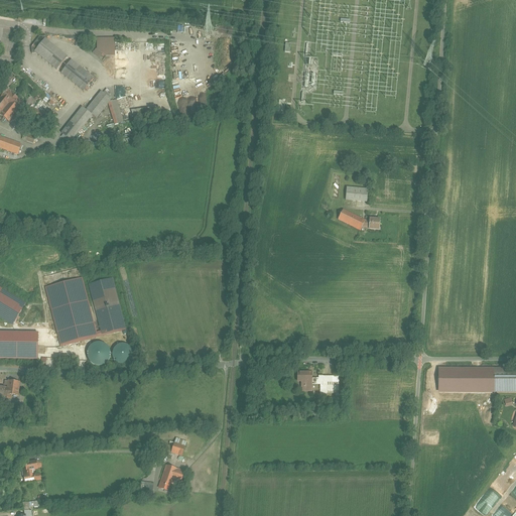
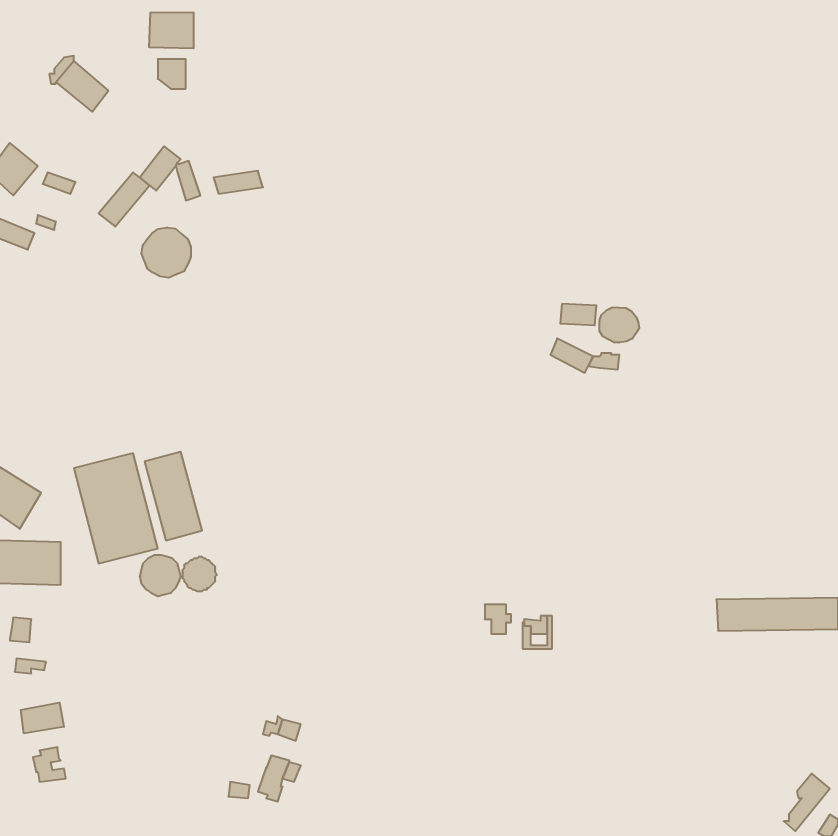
building: none -> [149,12,193,48]
building: [60,58,94,90] -> none
building: none -> [141,227,191,278]
building: none -> [599,307,639,343]
building: none -> [21,703,64,733]

